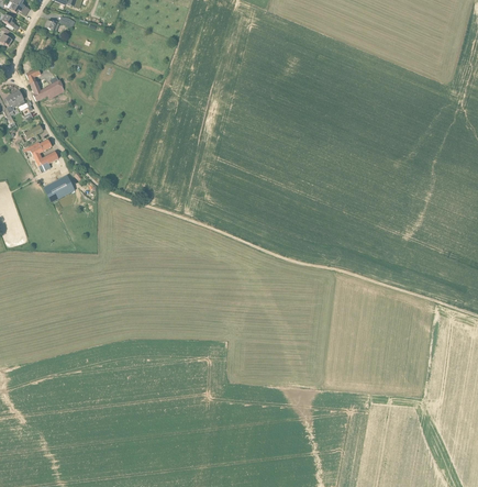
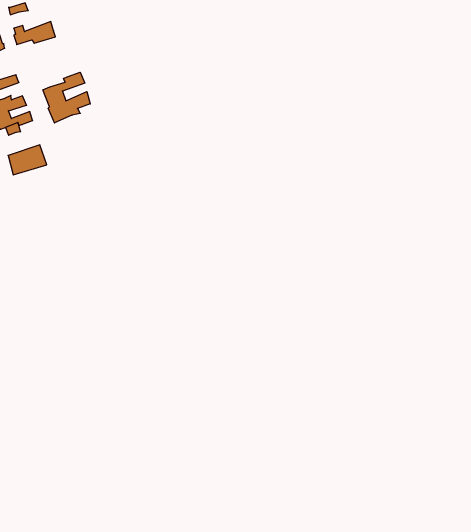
building: none -> [43,72,90,123]

